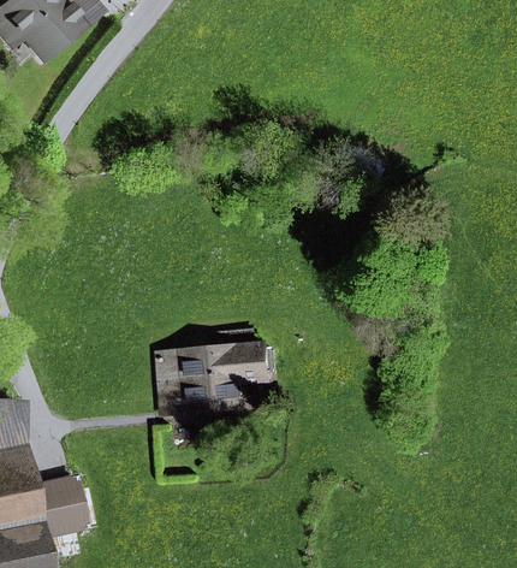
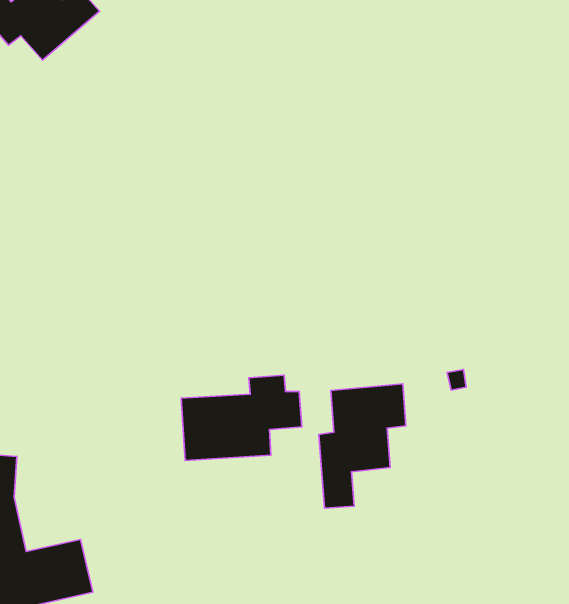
building: none -> [319,384,406,508]

